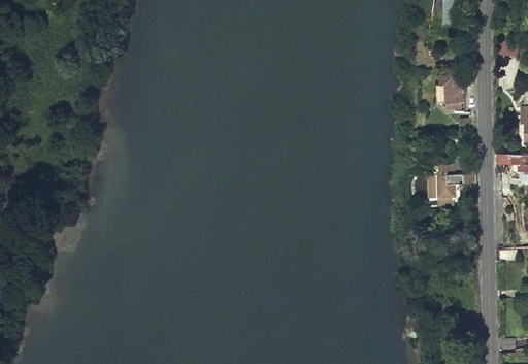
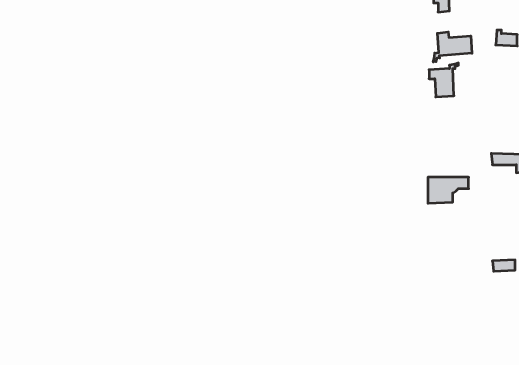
building: none -> [433,32,472,62]

